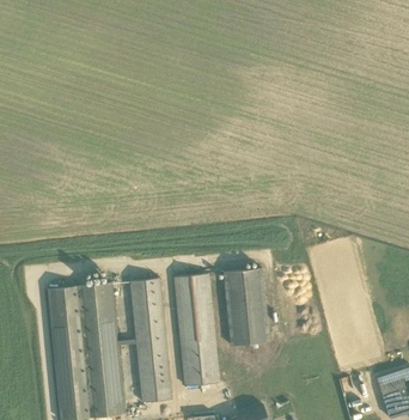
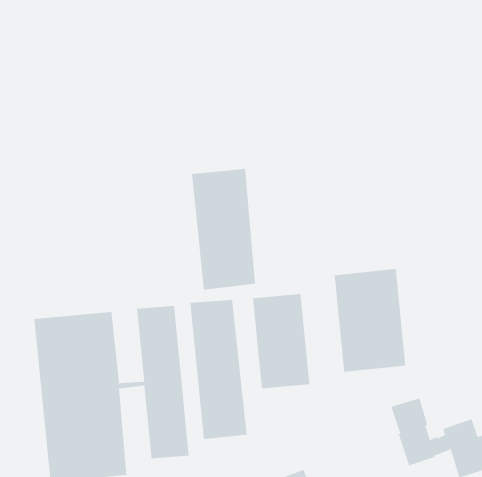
building: none -> [191,168,256,291]
building: none -> [334,268,406,373]

